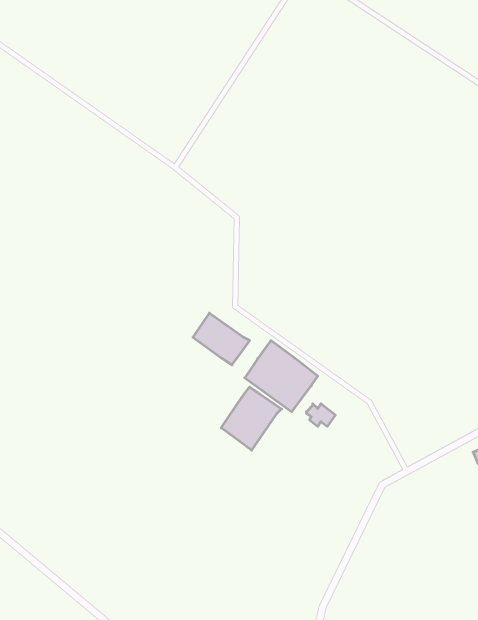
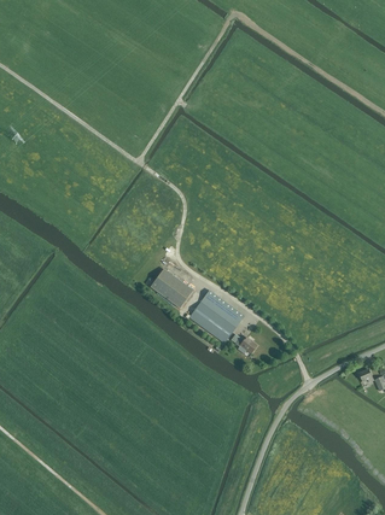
building: [221,387,282,450] -> none

